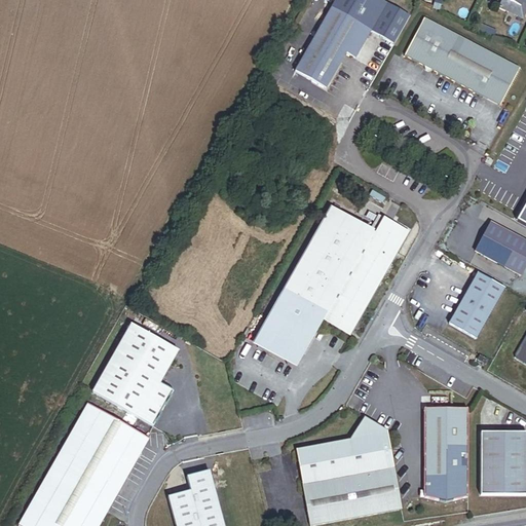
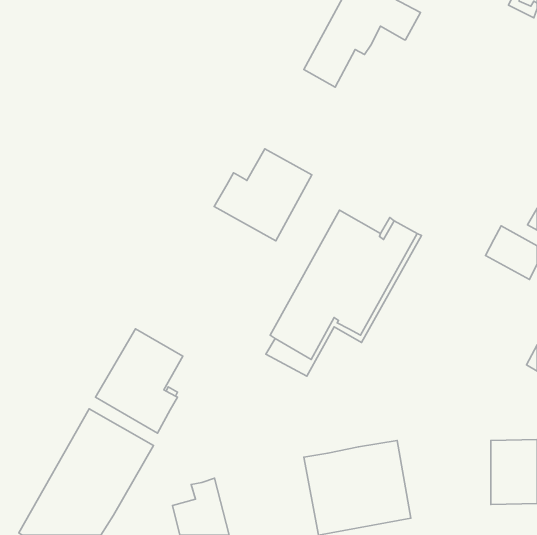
building: [405,16,520,105] -> none
building: none -> [214,149,312,241]
building: [446,271,501,336] -> none
building: [423,404,466,493] -> none
building: [350,414,388,437] -> none

